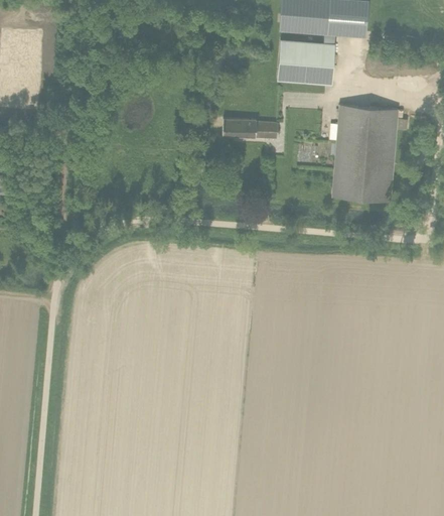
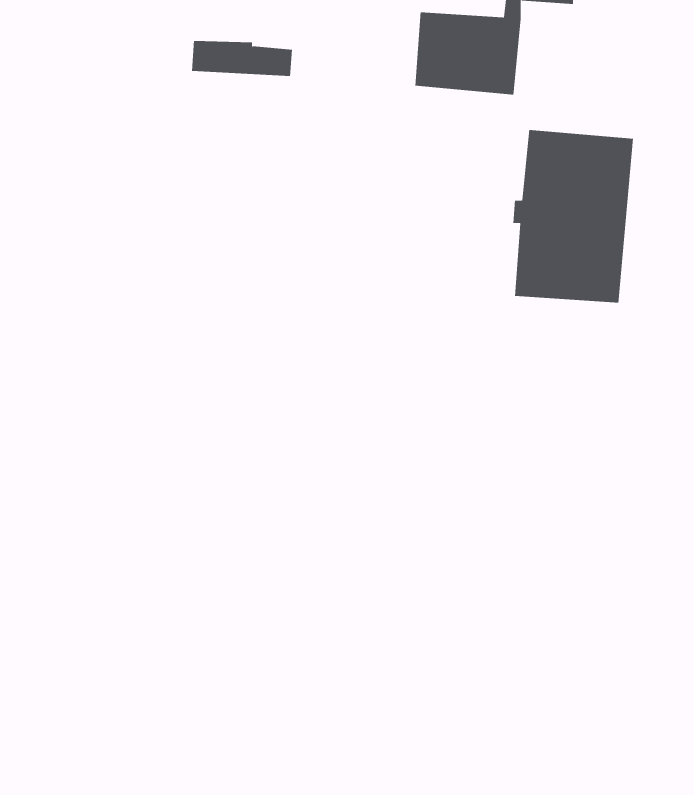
building: [221,119,278,139] -> [191,40,293,77]

